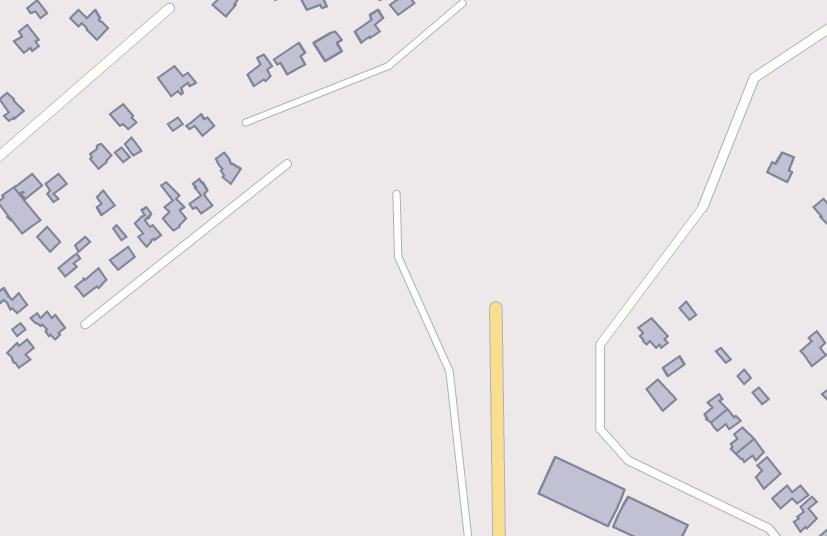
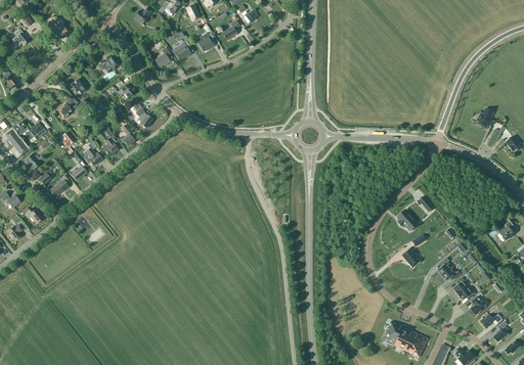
building: [539,457,624,526] -> none

